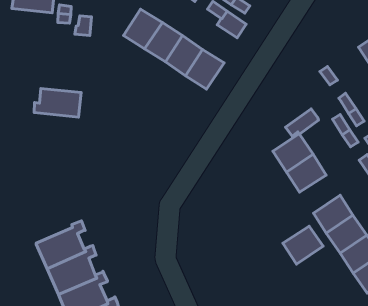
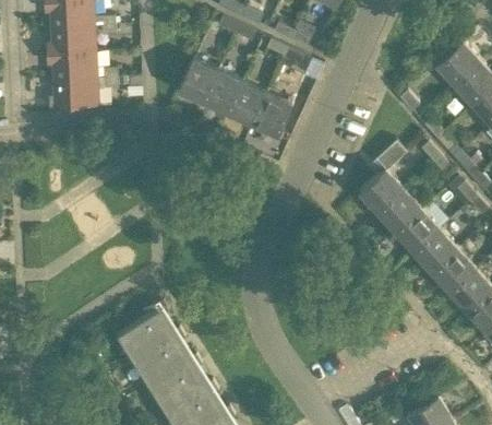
building: [34,88,81,117] -> [47,79,97,108]
building: [283,226,323,264] -> [396,211,441,255]

